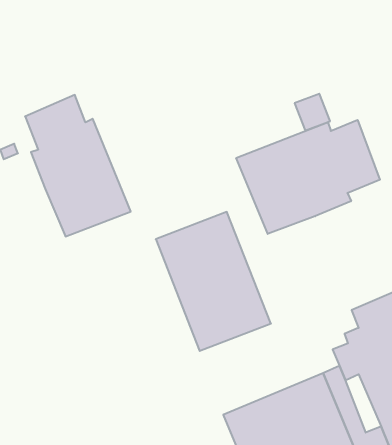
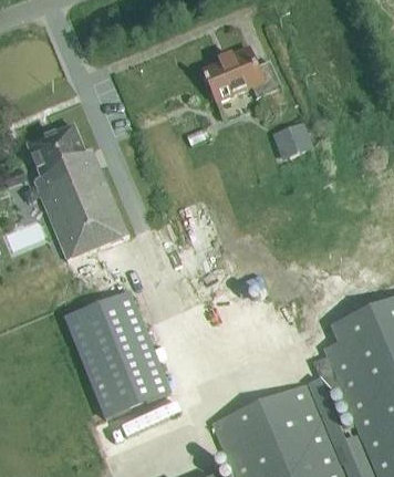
building: none -> [204,48,280,102]
building: [236,120,380,234] -> none
building: [156,212,271,351] -> [64,293,172,423]

